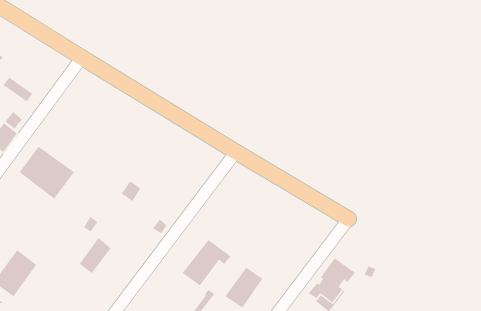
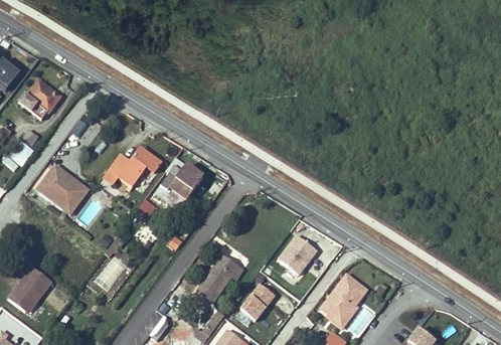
building: none -> [27,79,61,113]
building: none -> [104,148,160,192]
building: none -> [155,158,203,209]
building: none -> [276,233,318,284]

